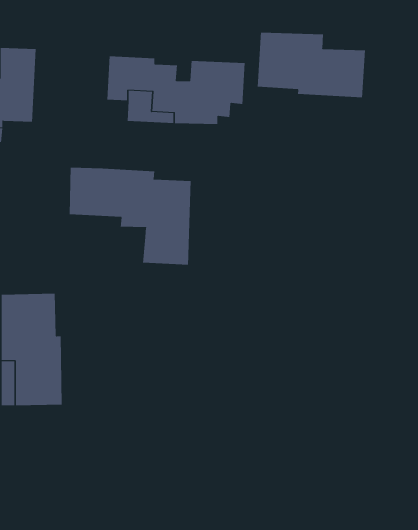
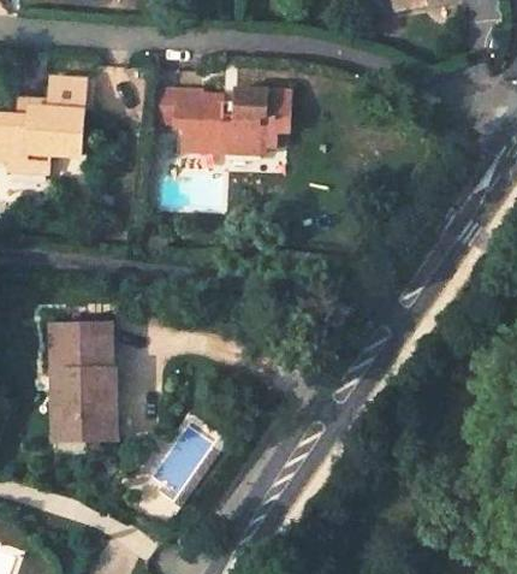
building: [257,32,366,98] -> none
building: [69,167,191,266] -> none

